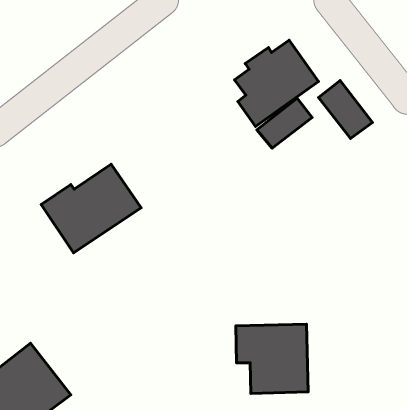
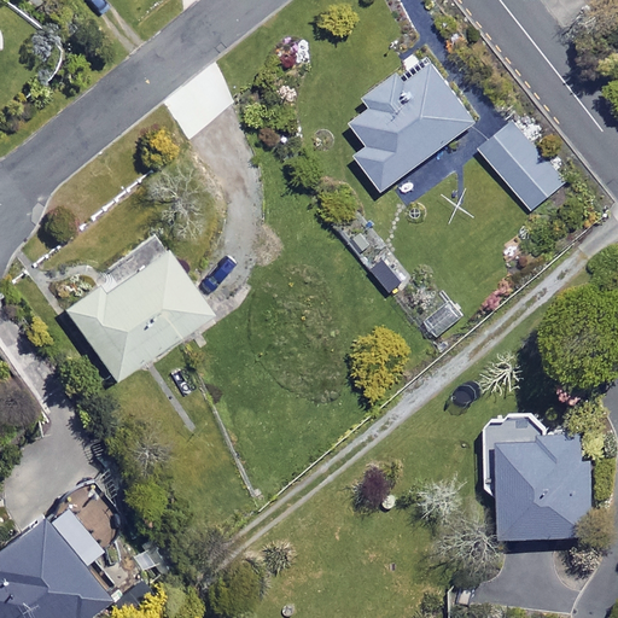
building: [257,98,312,148] -> none
building: [236,324,308,393] -> [486,432,595,536]

